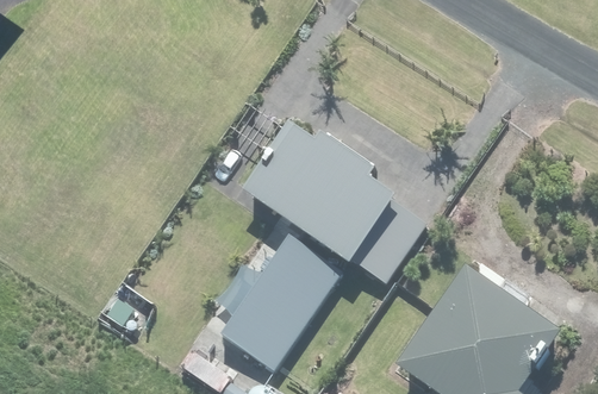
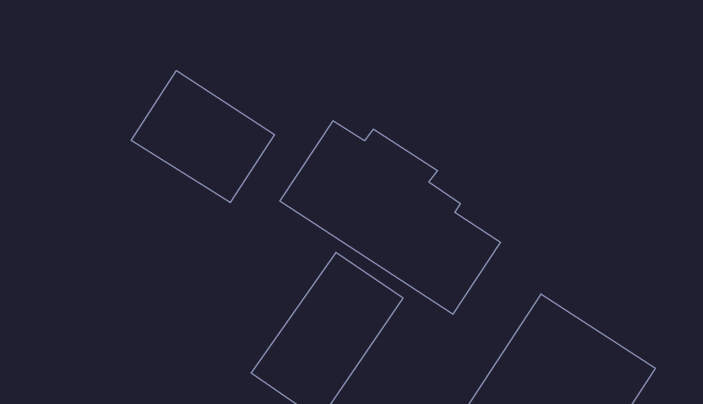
building: none -> [131,71,275,203]

